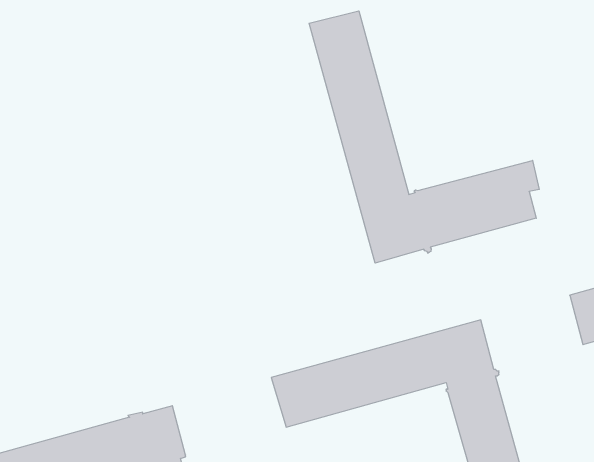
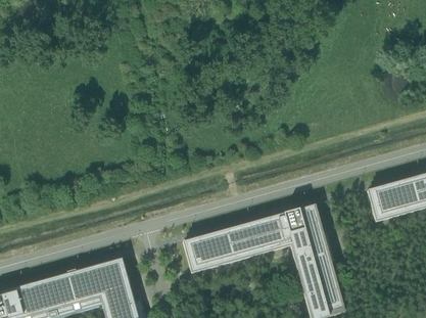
building: [309,11,539,263] -> none

